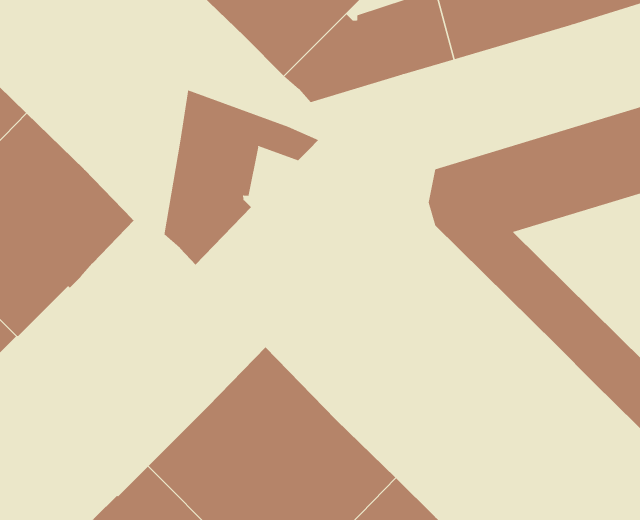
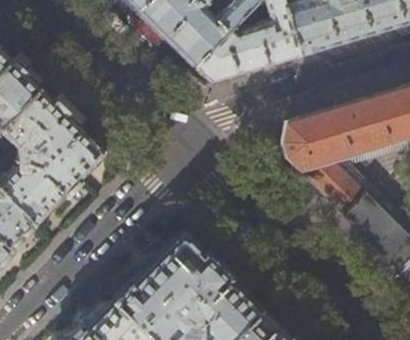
building: [164,89,319,266] -> none

